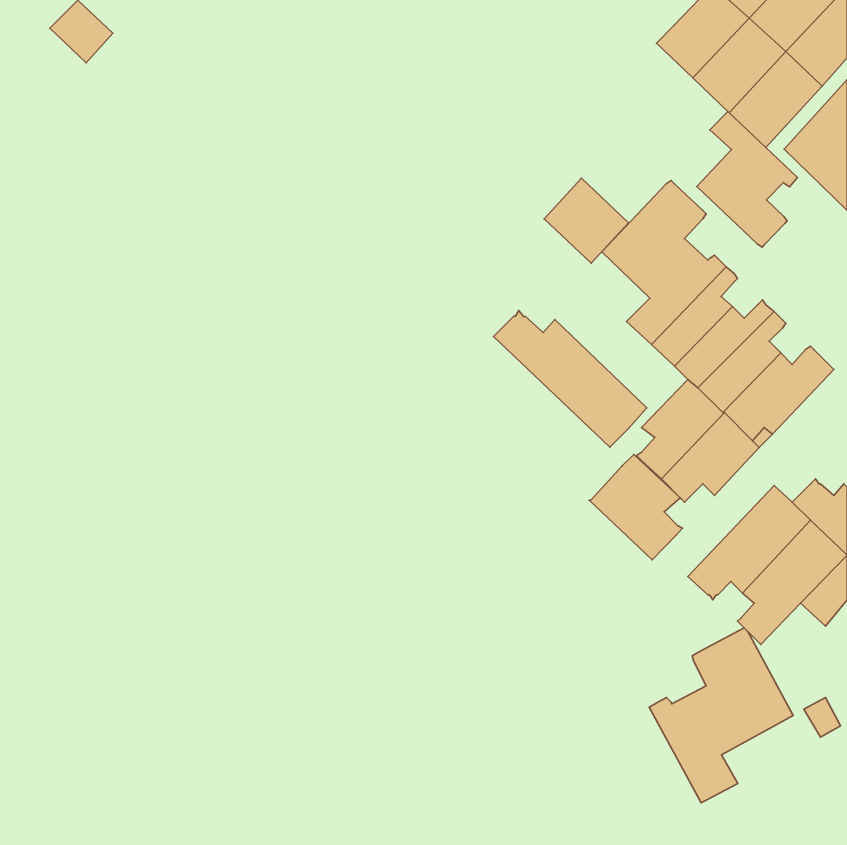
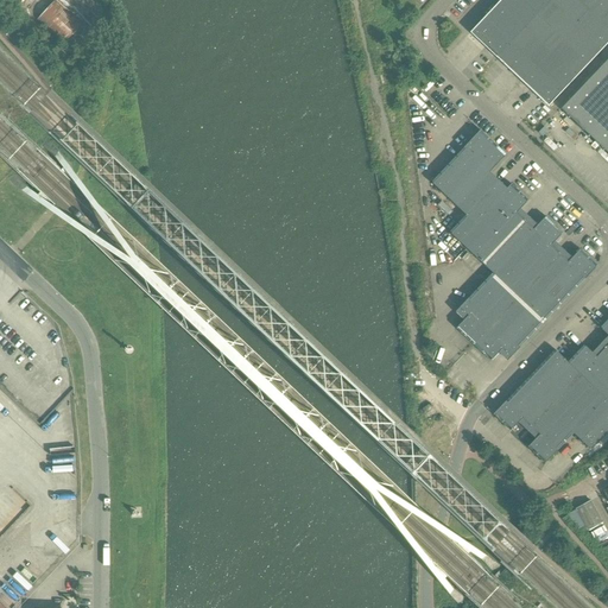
building: [697,111,798,247] -> none
building: [544,178,629,263] -> none
building: [493,310,647,447] -> none
building: [589,455,683,560] -> none
building: [649,628,793,803] -> none

